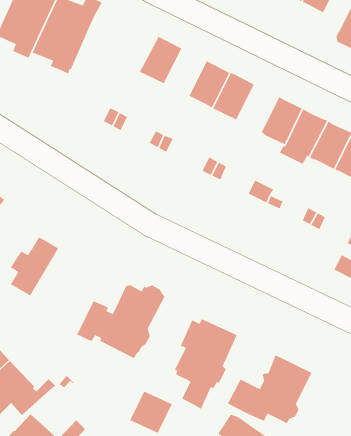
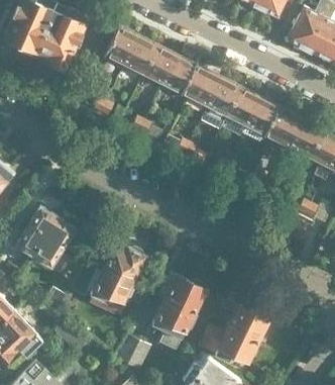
building: none -> [104,27,140,68]
building: none -> [145,47,181,88]
building: none -> [201,78,241,131]
building: none -> [33,210,81,267]

